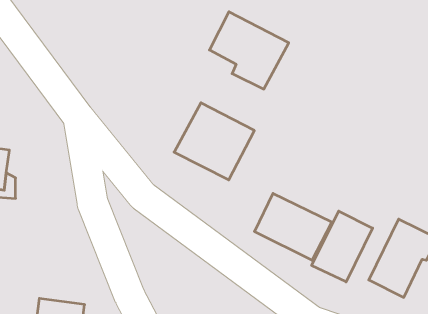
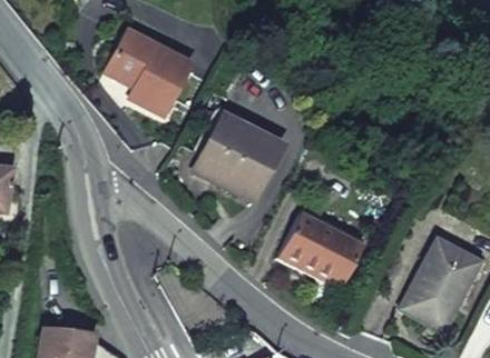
building: [209,12,289,89] -> [105,32,190,116]
building: [312,211,373,282] -> none

